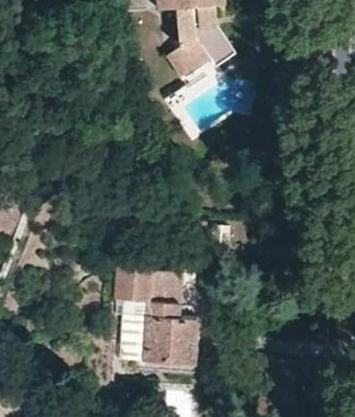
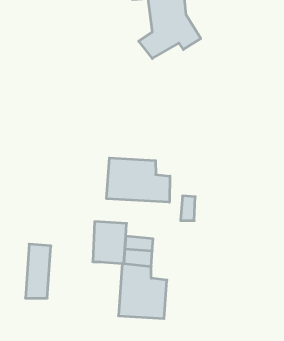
building: none -> [107,158,170,202]
building: [119,301,147,361] -> [25,244,51,298]

